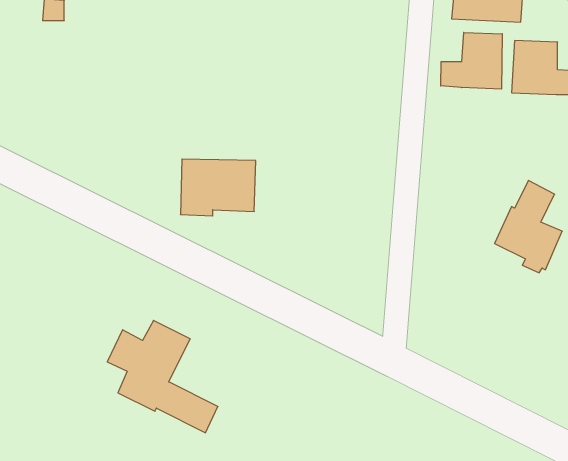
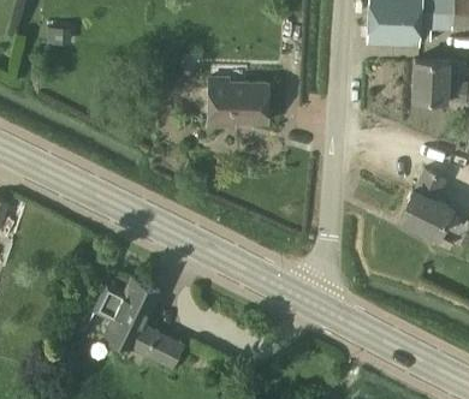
building: [441,32,502,89] -> none
building: [180,159,256,216] -> [209,83,268,127]

